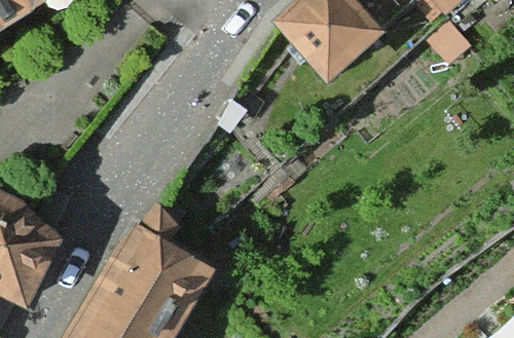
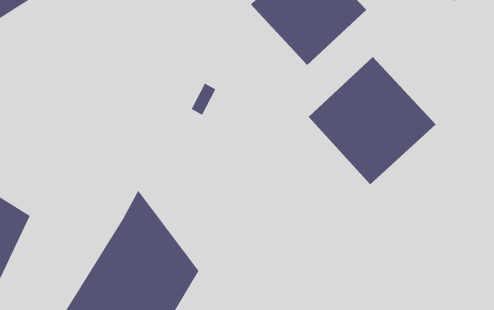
building: none -> [308,56,437,185]

